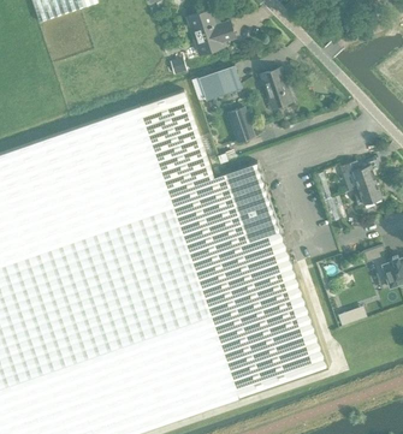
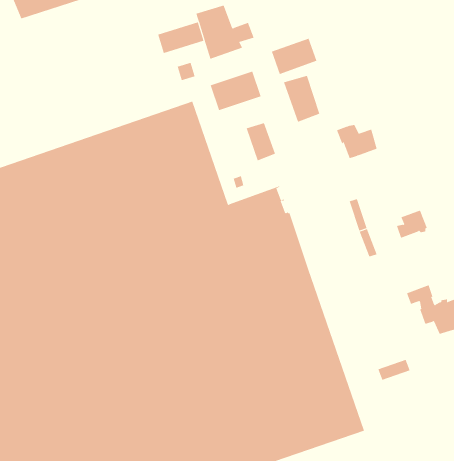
building: none -> [157,22,204,54]
building: none -> [271,38,317,75]
building: [338,162,373,191] -> [336,124,378,159]

